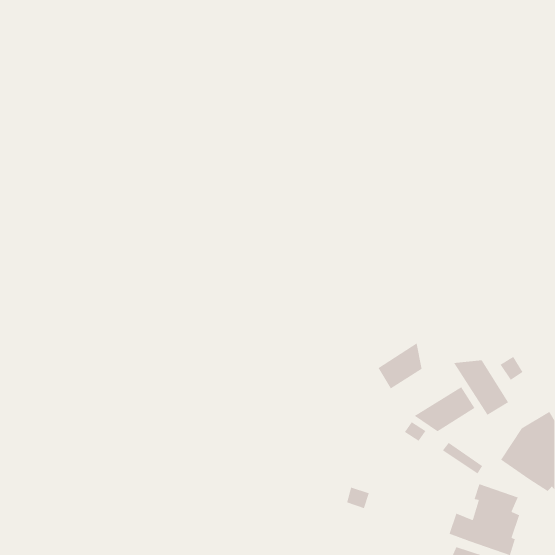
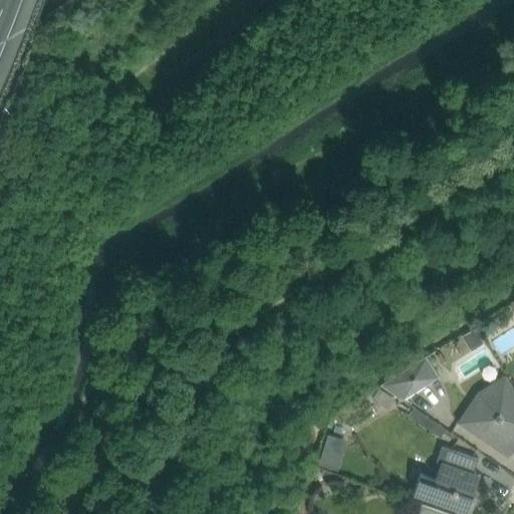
building: [377,342,423,389] -> none
building: [453,359,509,416] -> none

